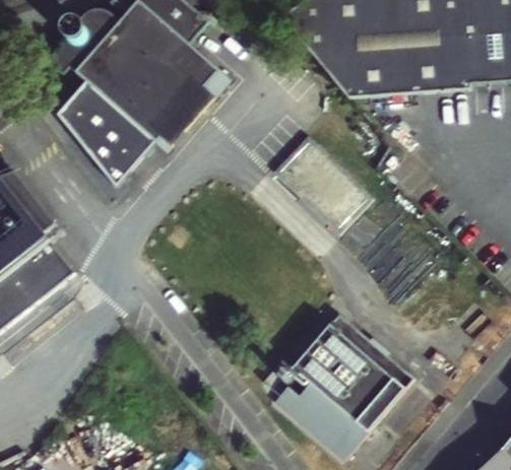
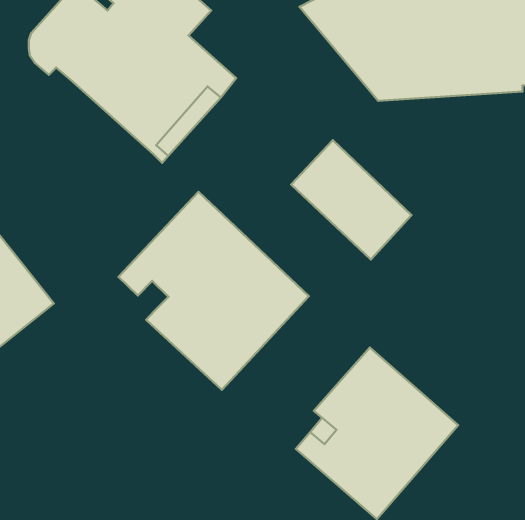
building: [58,82,155,189] -> none
building: none -> [118,192,309,390]

